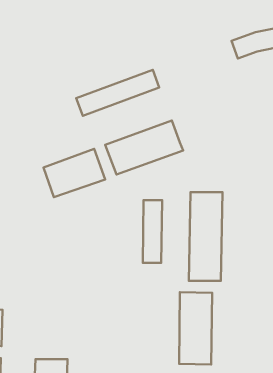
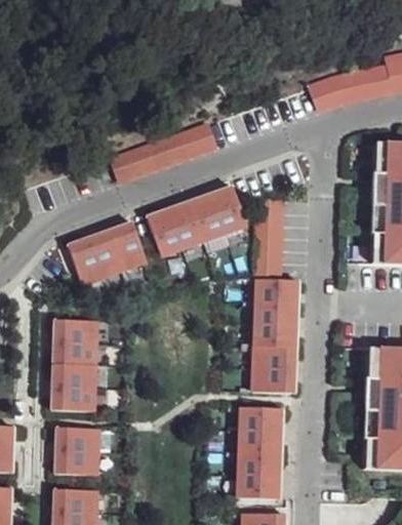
building: [143,200,162,263] -> [254,199,279,279]
building: none -> [52,321,95,413]
building: none -> [57,430,99,476]

